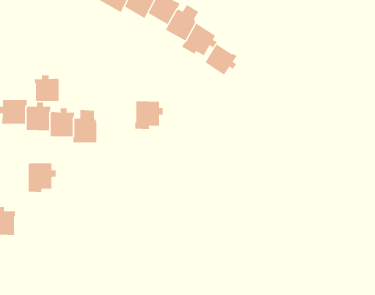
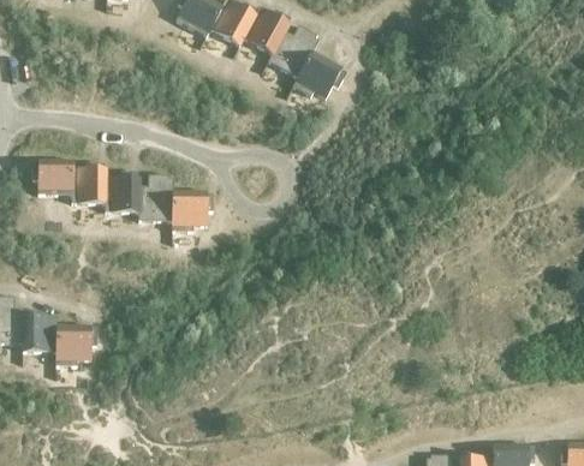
building: [205,44,237,75] -> none
building: [34,75,59,102] -> none
building: [135,101,163,130] -> [172,191,213,232]
building: [28,163,57,193] -> [56,324,97,366]

